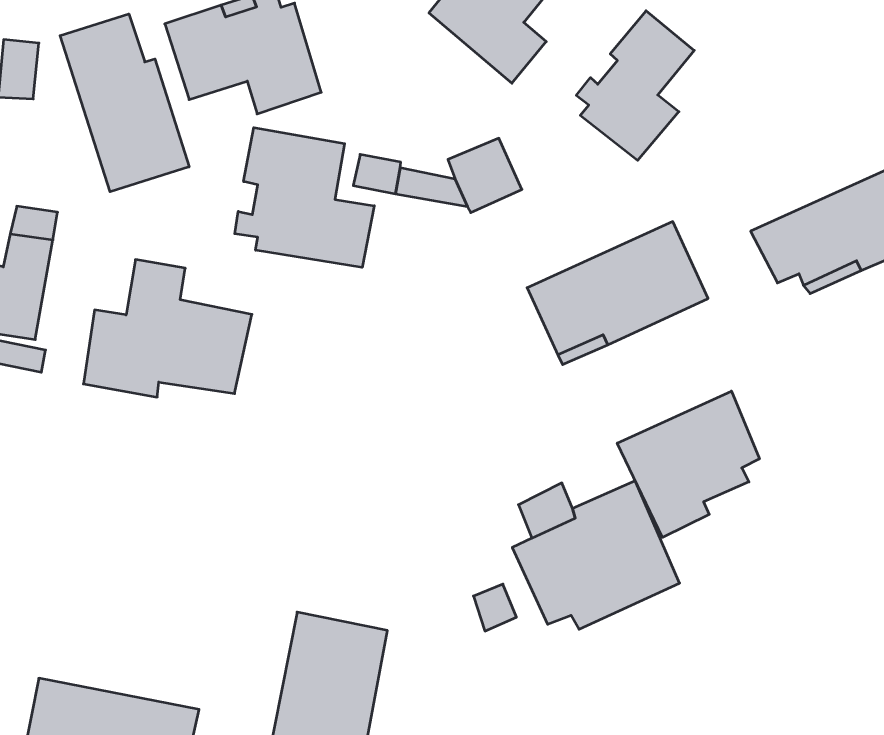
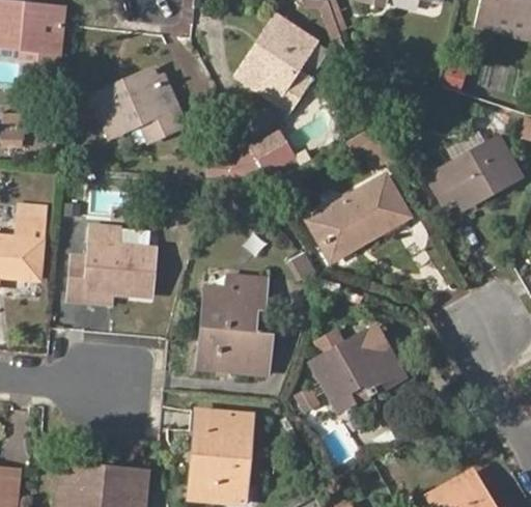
building: [576,11,694,160] -> none
building: [60,14,189,192] -> none
building: [235,128,374,267] -> none
building: none -> [198,276,271,372]
building: [617,391,759,537] -> none

